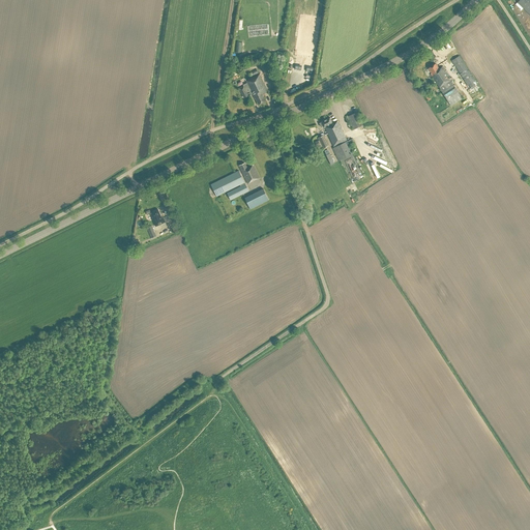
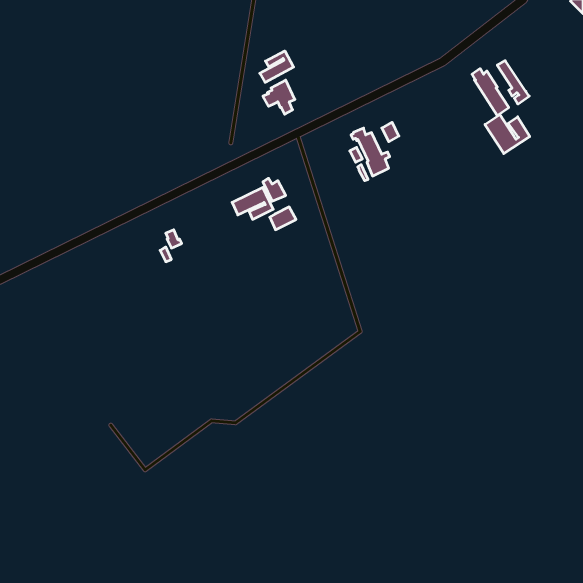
building: none -> [260,51,294,82]
building: none -> [485,114,530,154]

